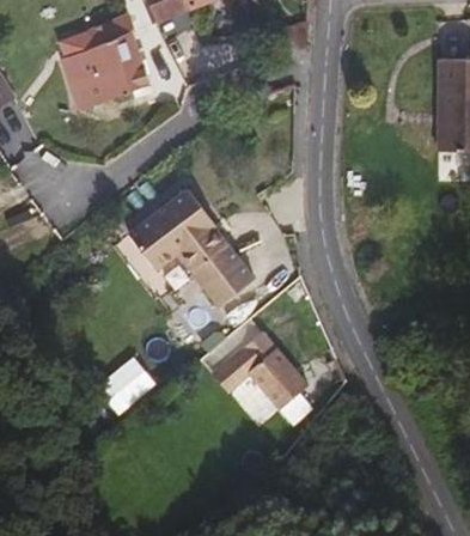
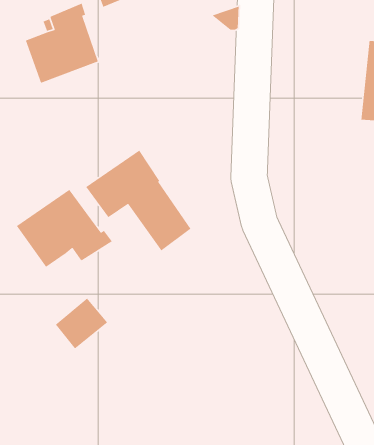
building: none -> [16,189,113,268]
building: [207,333,303,409] -> none

